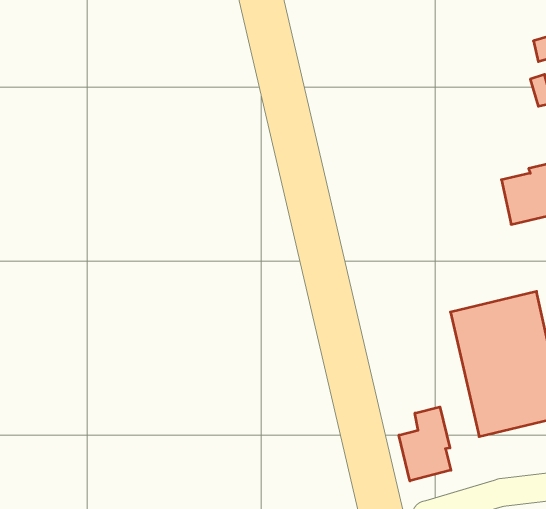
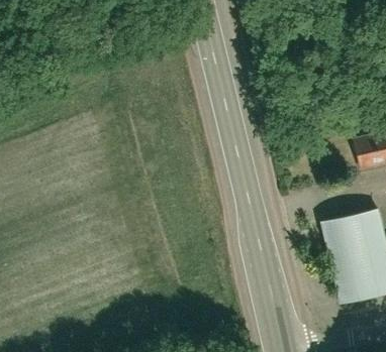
building: [399,407,451,481] -> none

